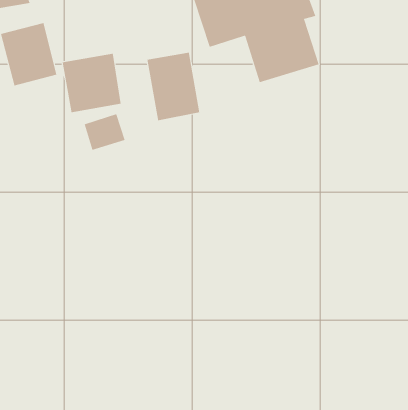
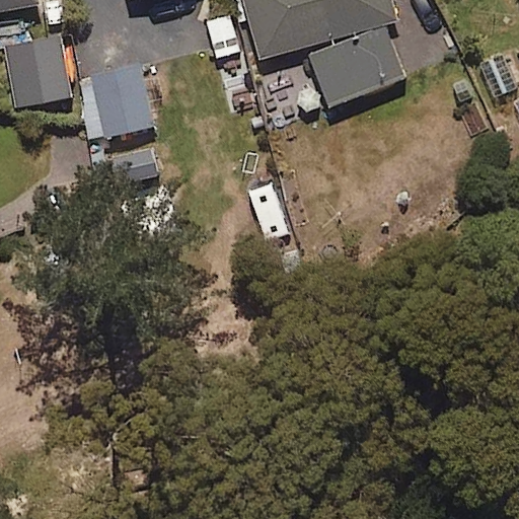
building: [147,52,200,121] -> none

